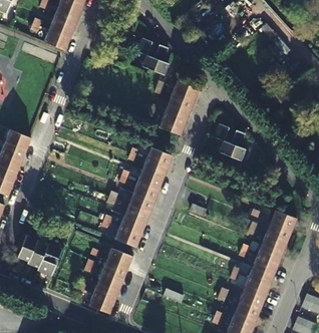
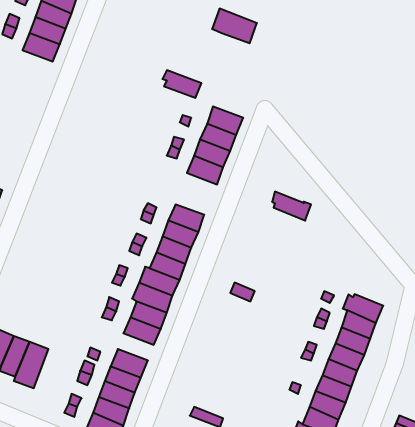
building: [137,39,169,63] -> [212,9,257,43]
building: [213,124,245,148] -> none

